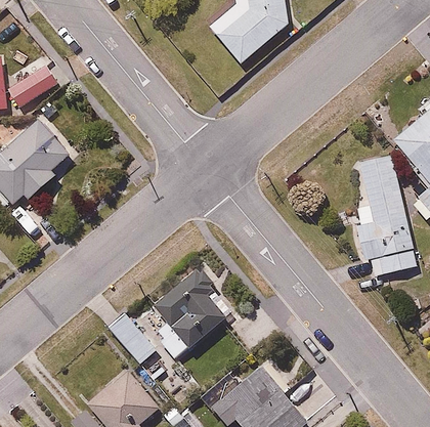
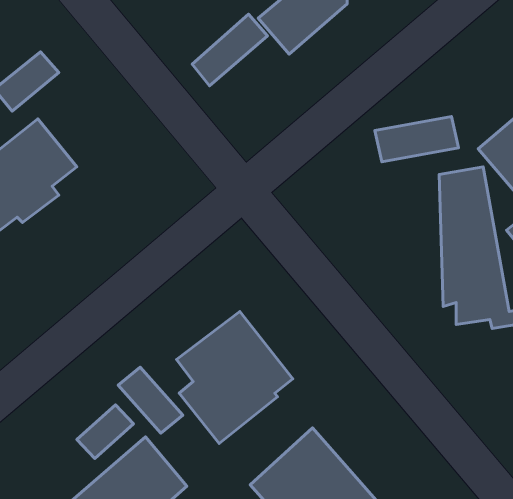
building: none -> [192,14,267,86]
building: none -> [375,117,459,162]
building: none -> [77,405,134,458]

